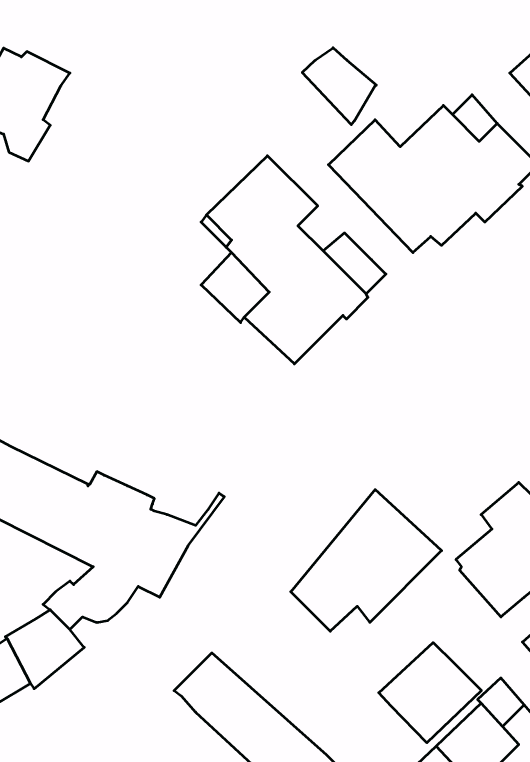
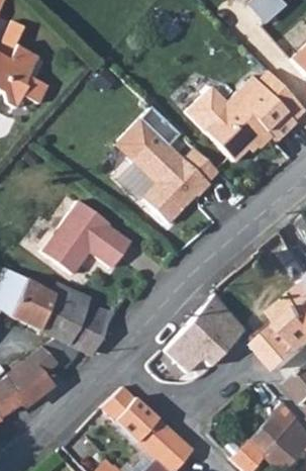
building: [302,48,376,125] -> none
building: none -> [40,203,131,277]
building: [379,643,481,743] -> none

